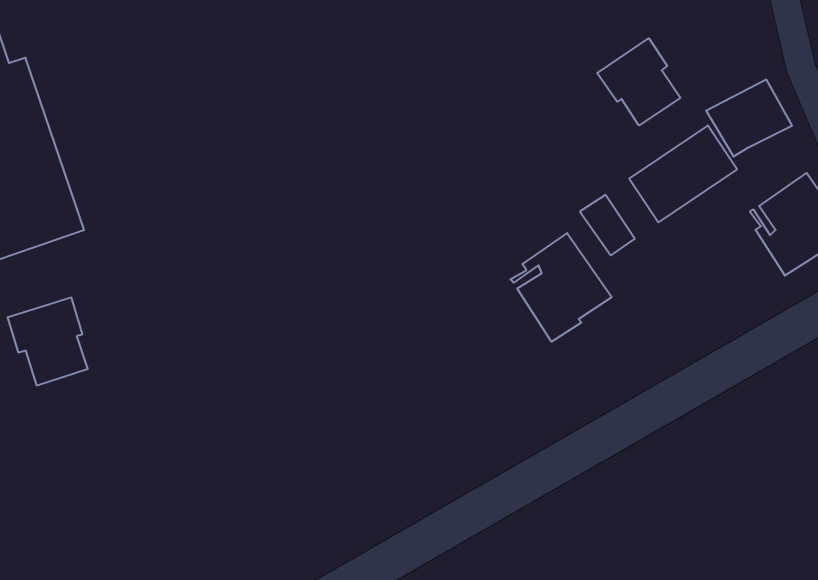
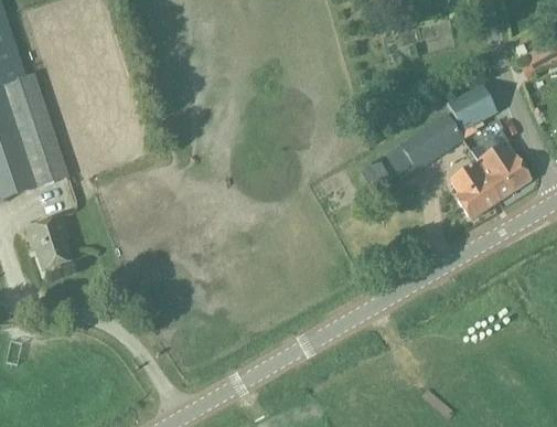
building: [597,38,680,125] -> none
building: none -> [449,163,492,218]
building: [510,233,612,342] -> none

